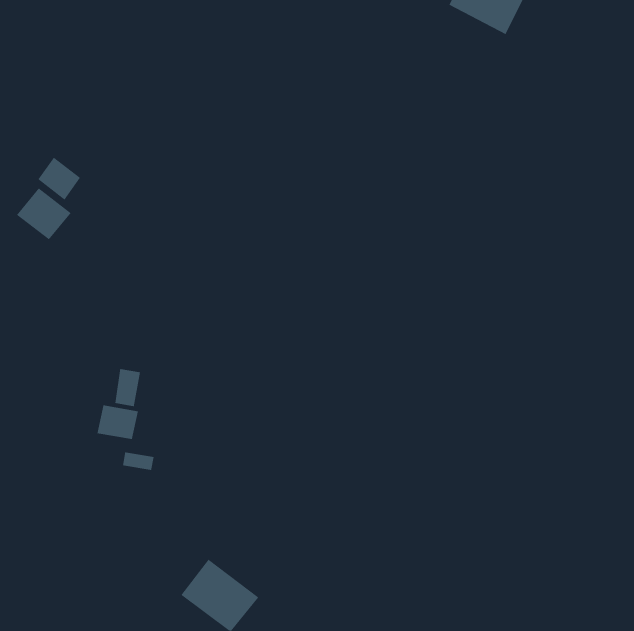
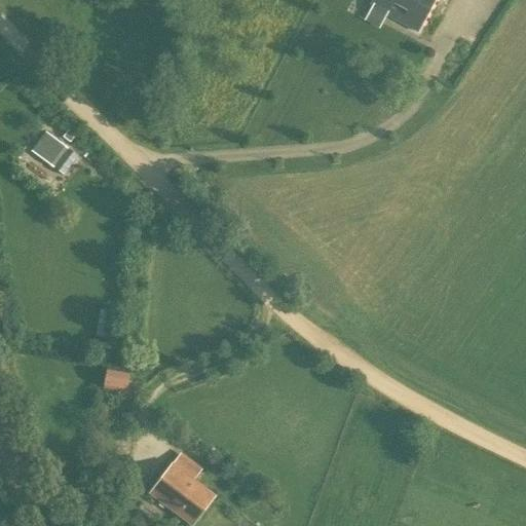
building: [16,188,71,240] -> none
building: [97,404,138,440] -> none

